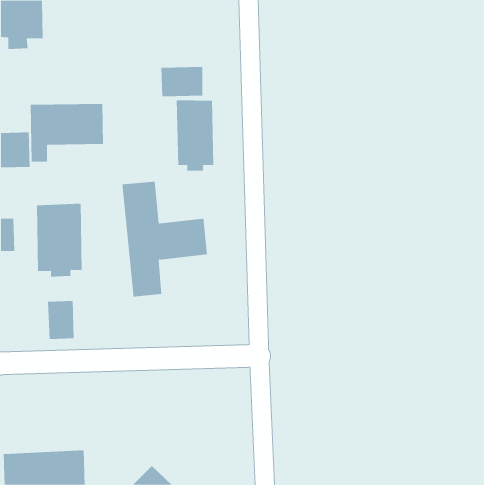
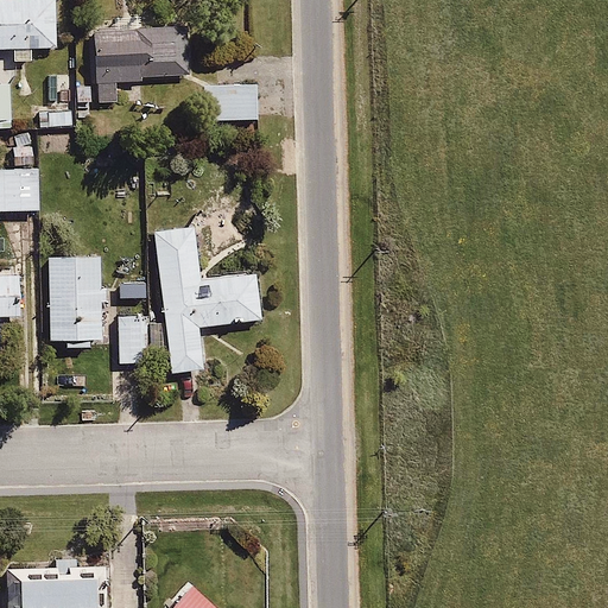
building: [176,100,214,171] -> none
building: [30,103,104,162] -> [95,28,188,102]
building: [47,301,75,340] -> [110,315,145,363]

